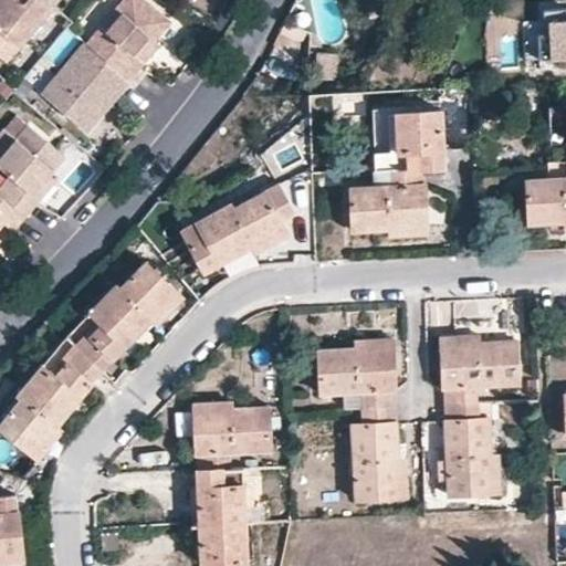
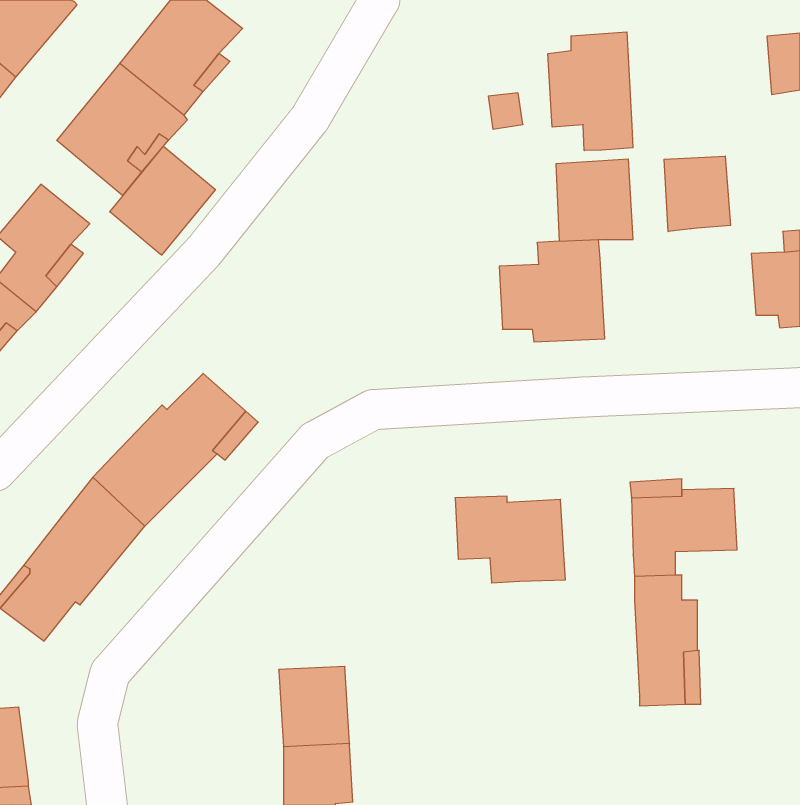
building: none -> [548,32,633,151]
building: none -> [110,146,215,255]
building: none -> [664,156,731,232]
building: [179,178,293,270] -> none
building: [193,407,270,470] -> none
building: [354,407,398,496] -> none

